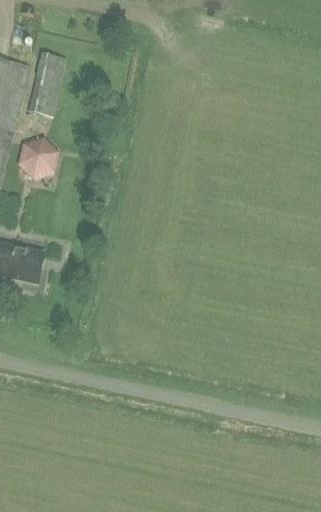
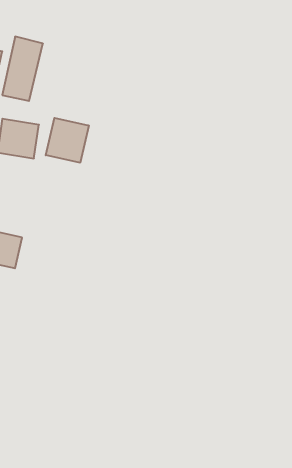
building: none -> [46,118,89,163]

